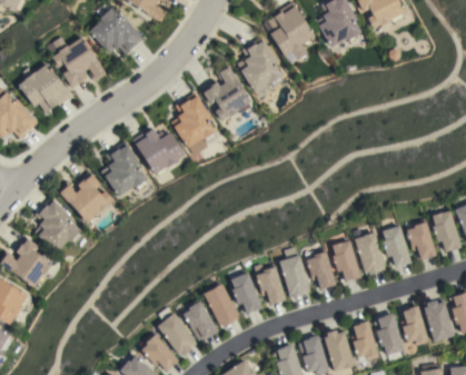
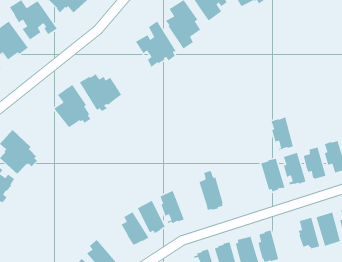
building: [171,92,217,155] -> none
building: [59,172,115,225] -> none
building: [331,239,360,282] -> [270,116,294,151]
building: [305,248,336,289] -> none
building: [257,266,286,304] -> none
building: [158,307,198,355] -> none
building: [374,313,404,355] -> none

